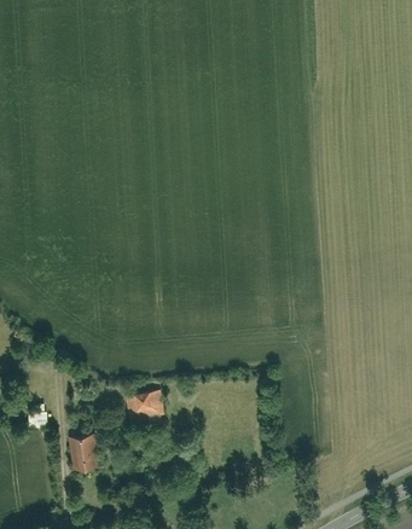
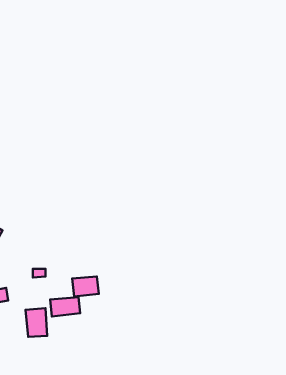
building: none -> [50,297,80,316]

